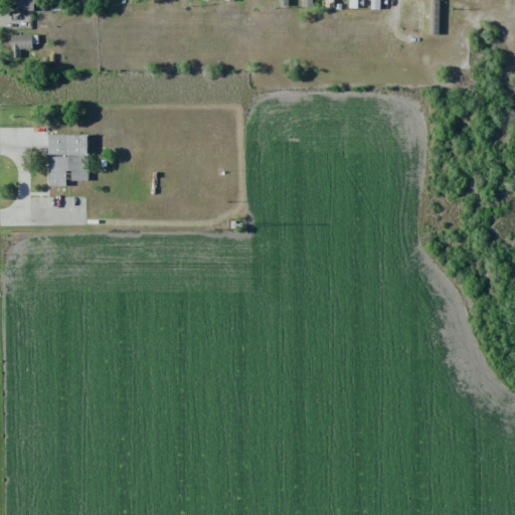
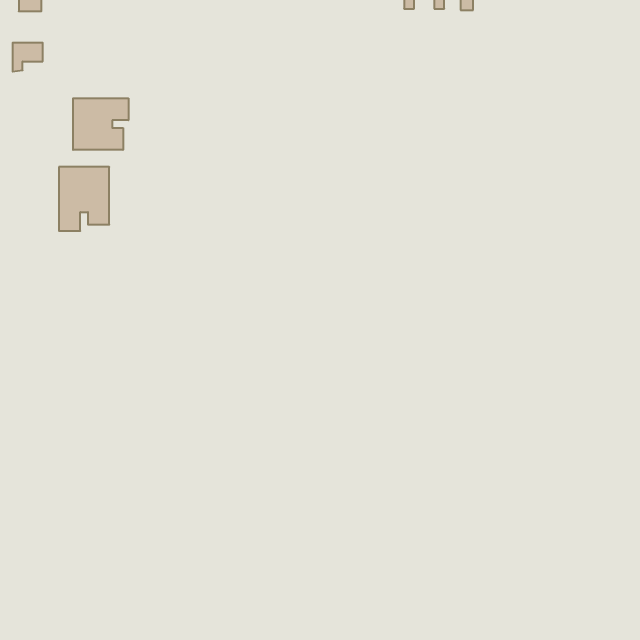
building: none -> [73,98,128,150]

